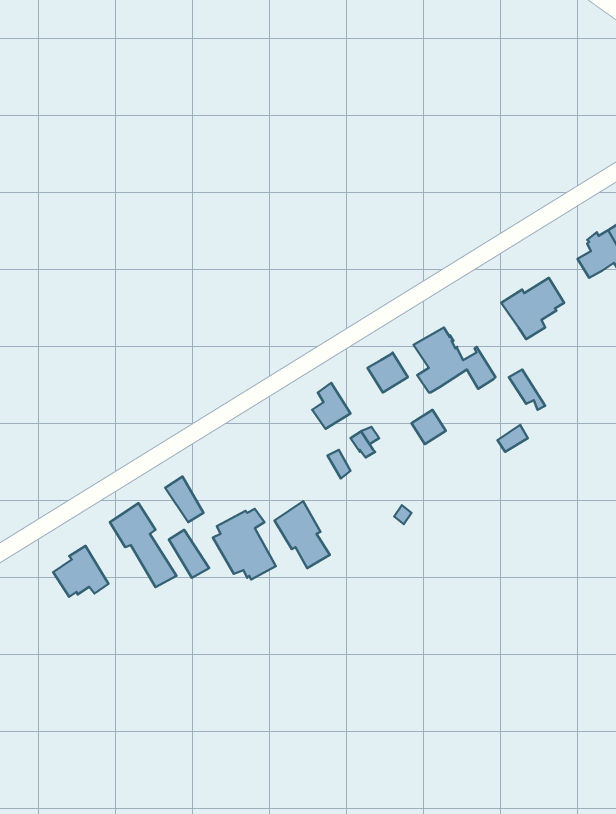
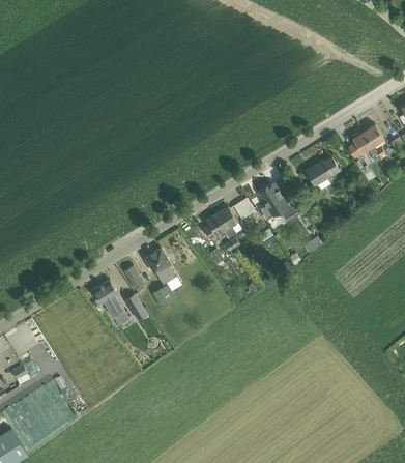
building: none -> [213,207,238,238]
building: [275,501,330,568] -> [145,248,175,284]
building: [53,546,109,597] -> none

